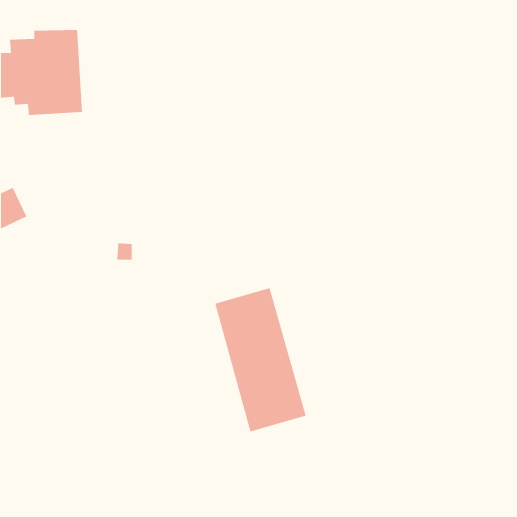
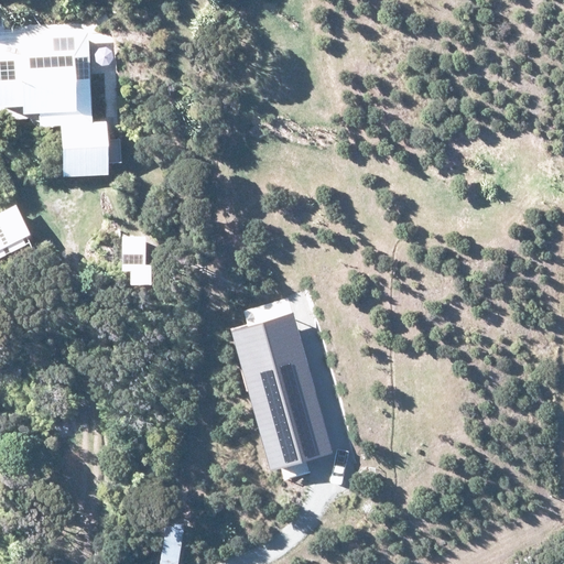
building: none -> [57,124,99,170]

